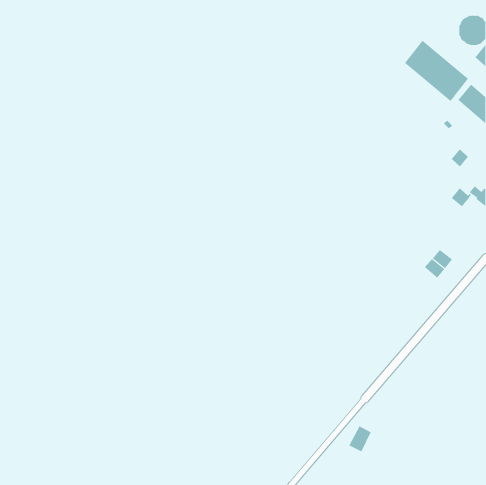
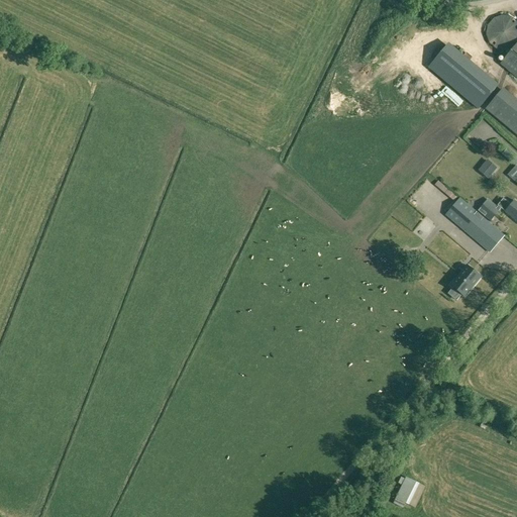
building: none -> [445,198,504,251]
building: [349,426,371,452] -> [395,476,419,504]

